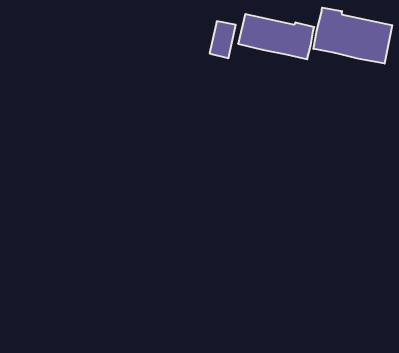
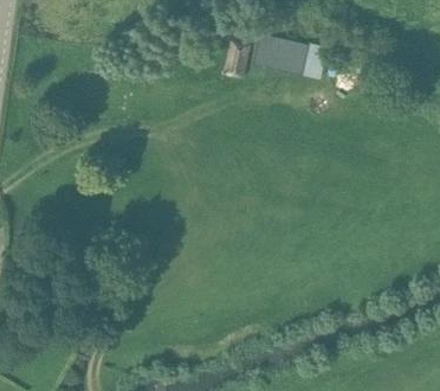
building: [313,8,392,64] -> none

